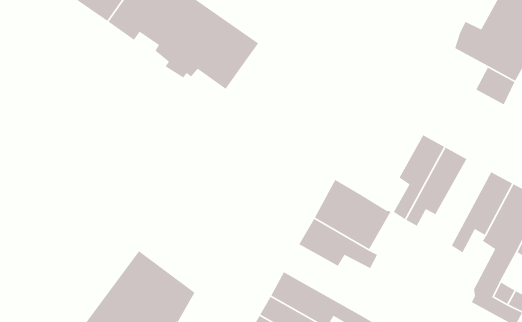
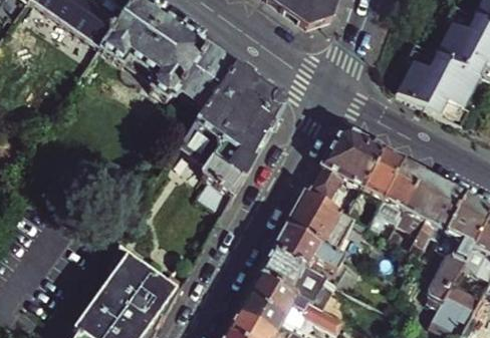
building: none -> [399,57,442,109]
building: none -> [181,67,282,206]
building: none -> [304,130,384,204]
building: none -> [396,172,445,250]
building: none -> [258,249,343,313]

